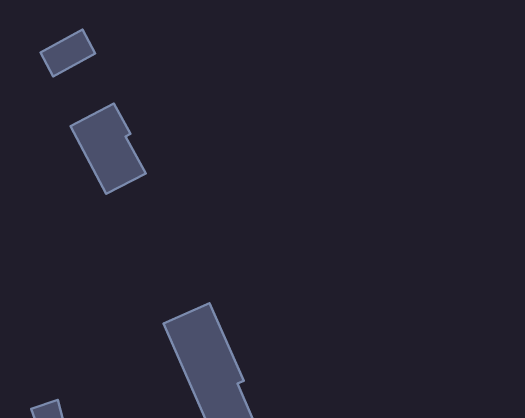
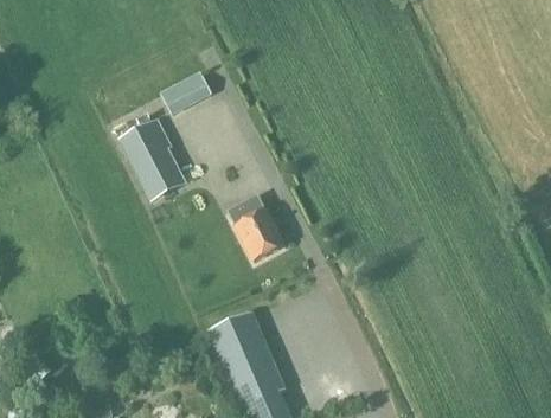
building: [40,29,95,77] -> [160,70,211,114]
building: none -> [228,197,284,262]

